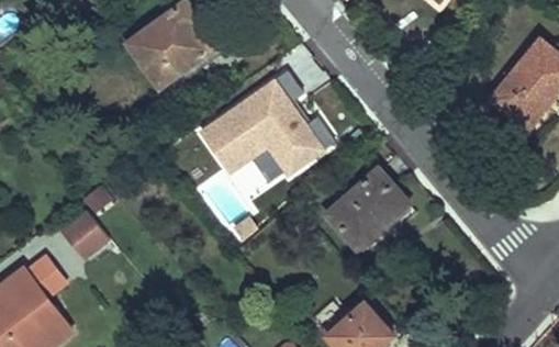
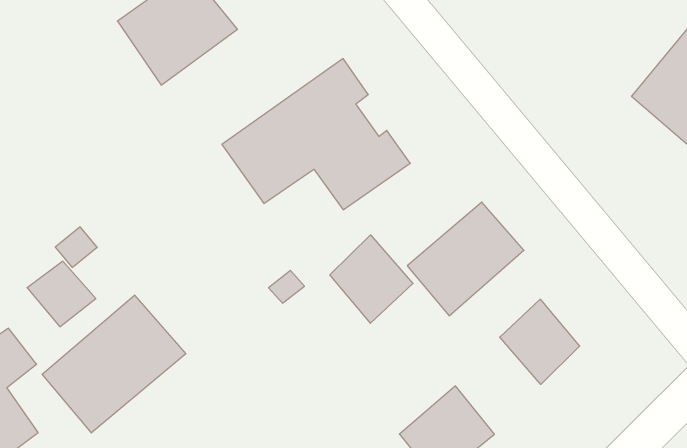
building: none -> [330,235,413,323]
building: none -> [42,295,186,433]
building: none -> [500,299,580,384]

